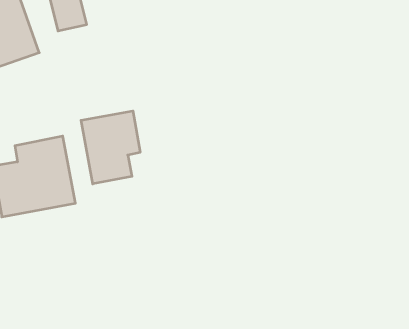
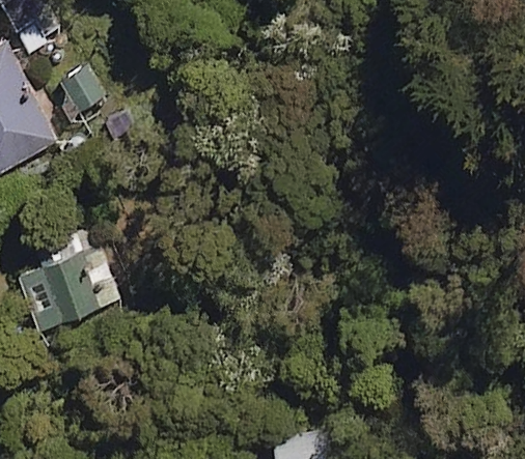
building: [81,111,140,184] -> none

